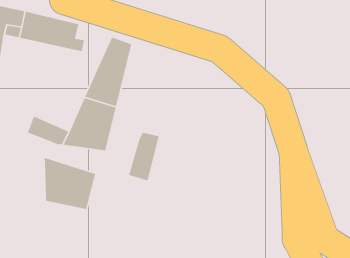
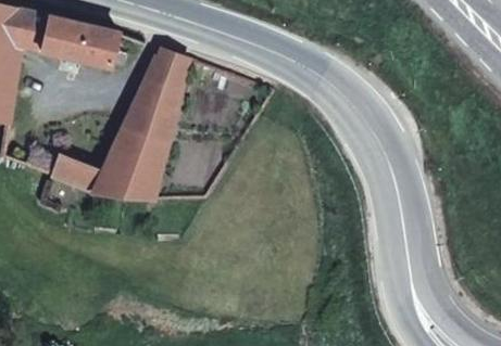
building: [128,132,160,182] -> none
building: [44,157,96,210] -> none

